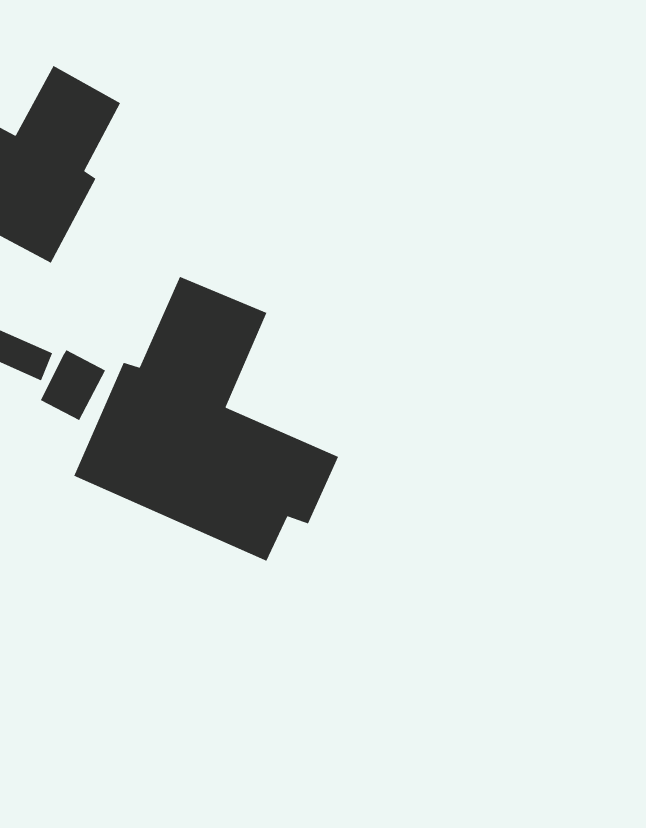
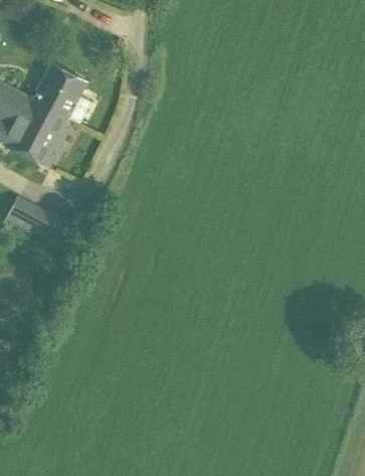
building: [73,276,339,562] -> none

